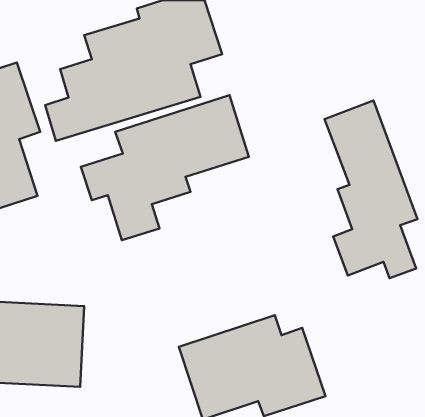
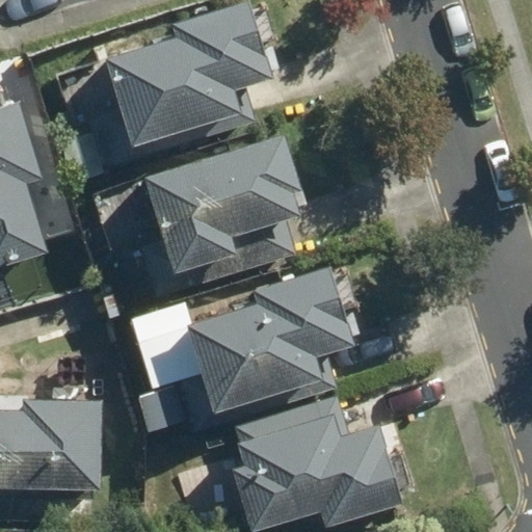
building: [325,100,418,278] -> none
building: none -> [128,265,361,440]

